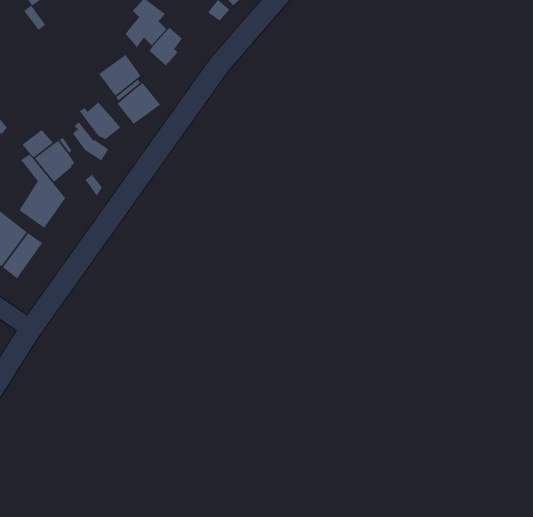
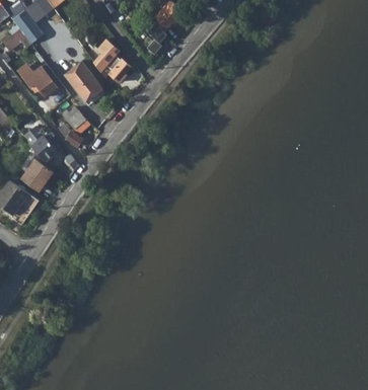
building: none -> [21,63,61,98]
building: [117,82,161,125] -> [63,61,92,89]

